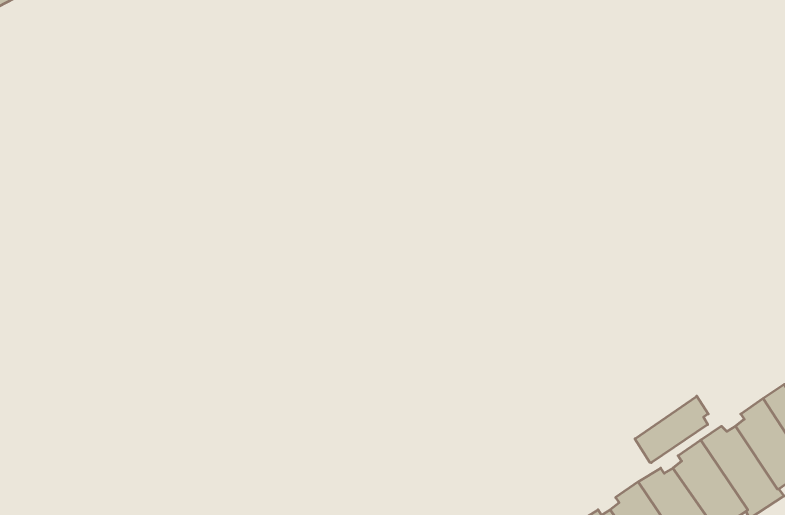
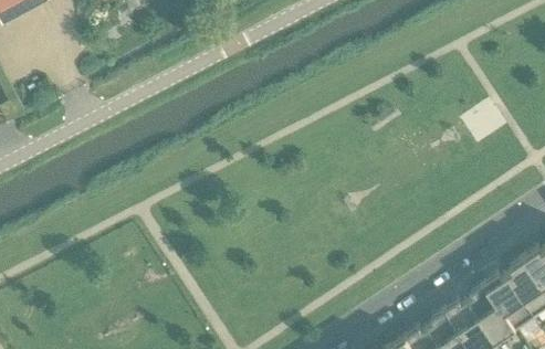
building: [635,396,708,463] -> none

